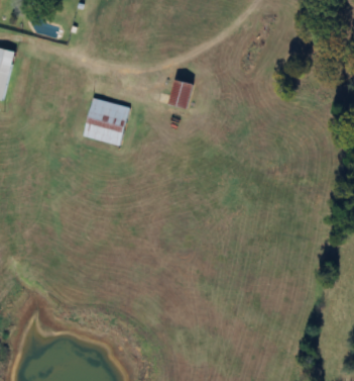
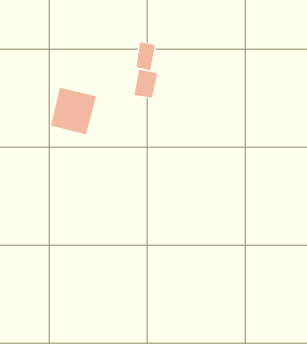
building: none -> [136,42,155,71]

